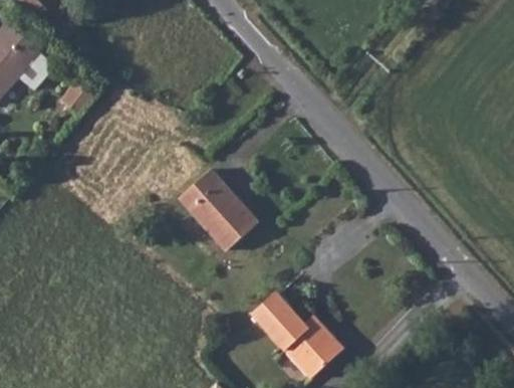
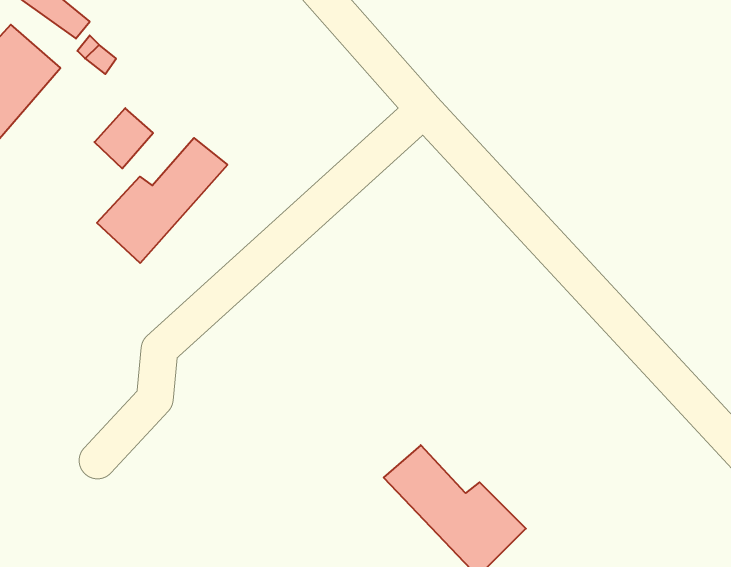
building: none -> [97,138,227,263]
building: [178,170,256,252] -> none

